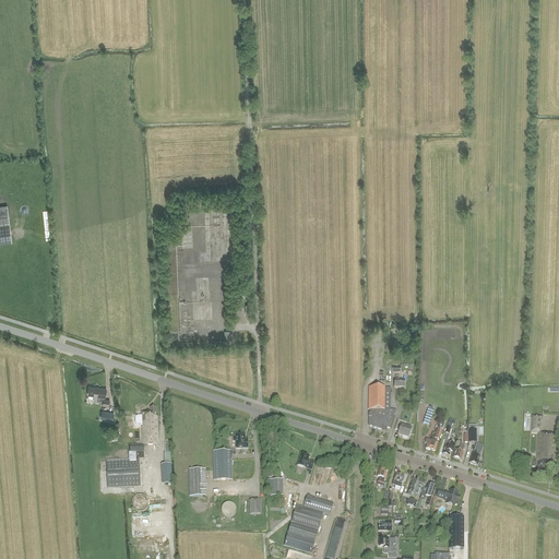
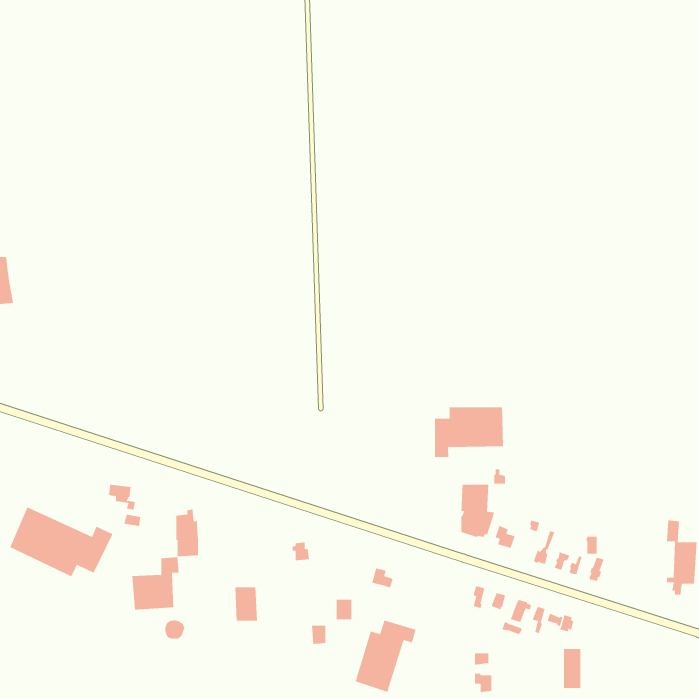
building: none -> [434,406,504,458]
building: none -> [9,507,113,577]
building: [212,449,235,478] -> none

